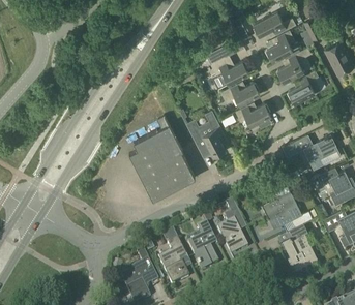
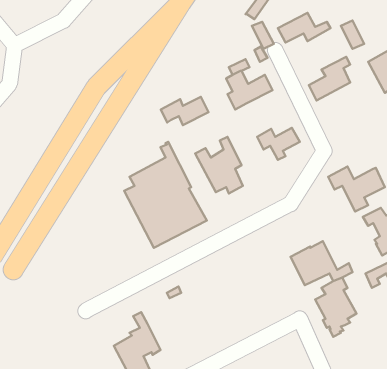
building: [265,30,293,61] -> none
building: [288,70,320,102] -> none
building: [220,82,259,104] -> [161,97,209,125]
building: [217,210,247,255] -> none
building: [186,224,217,272] -> none
building: [157,240,187,286] -> none

